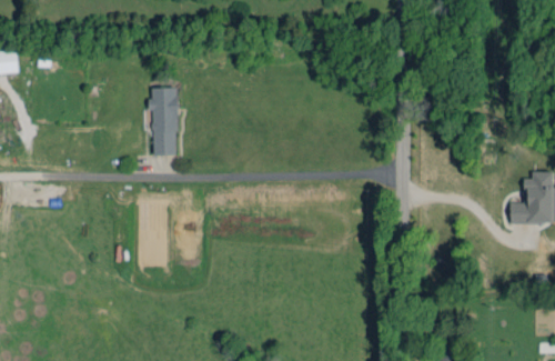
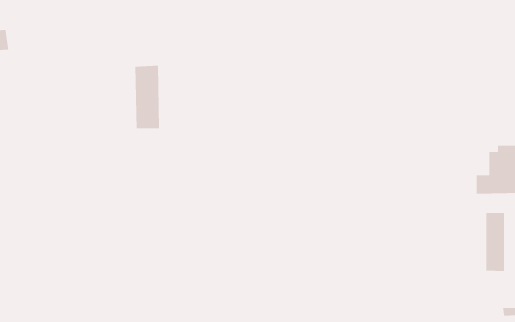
building: none -> [486,212,505,272]

